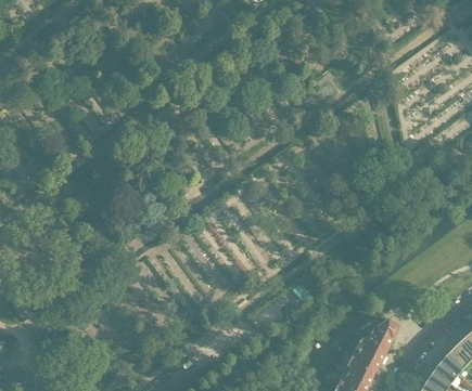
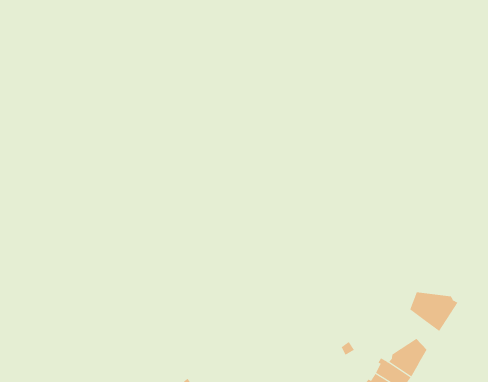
building: none -> [410,291,458,332]

